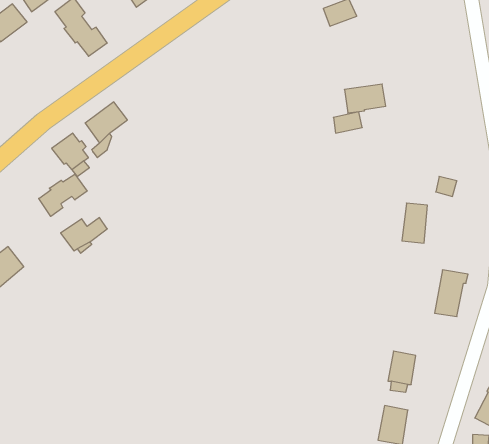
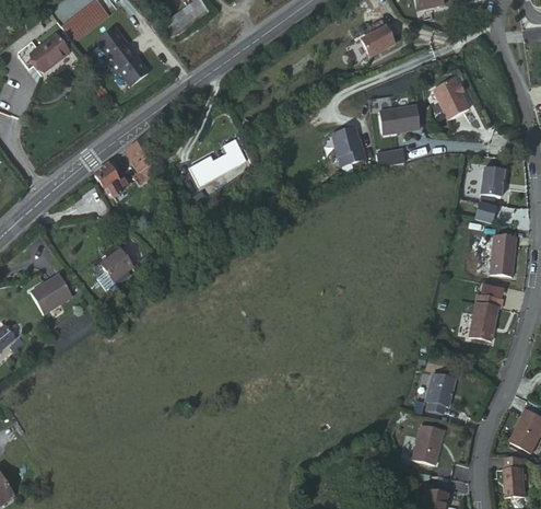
building: none -> [433,79,468,119]
building: none -> [336,134,369,170]
building: none -> [192,139,249,190]
building: none -> [479,166,502,196]
building: [39,174,87,216] -> none
building: [402,203,427,243] -> [487,234,513,274]

